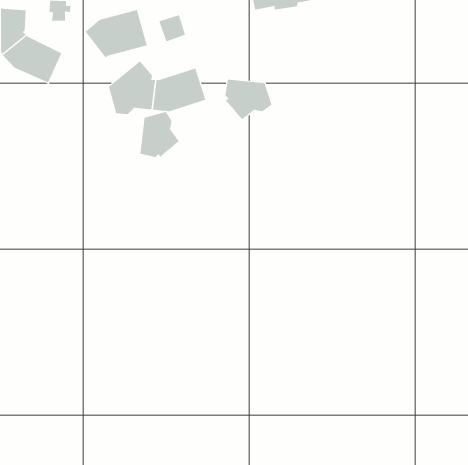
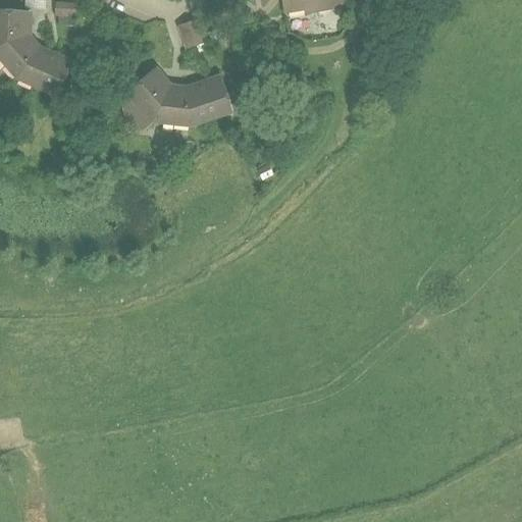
building: [85,9,147,58] -> none
building: [225,79,272,120] -> none
building: [140,111,180,158] -> none

